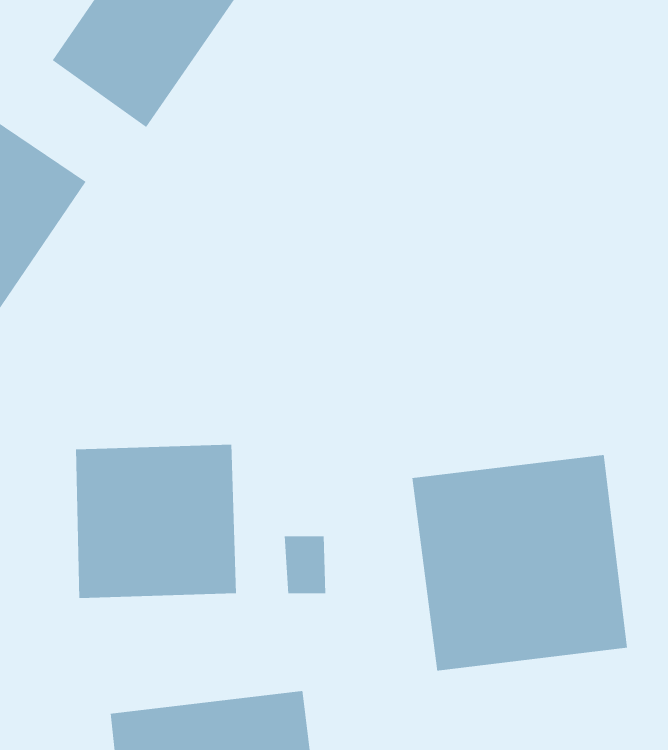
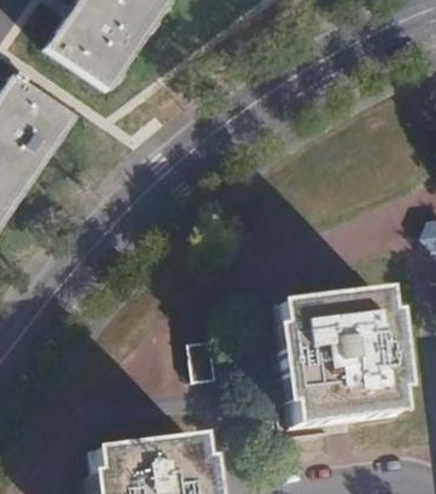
building: [75,444,237,599] -> none

